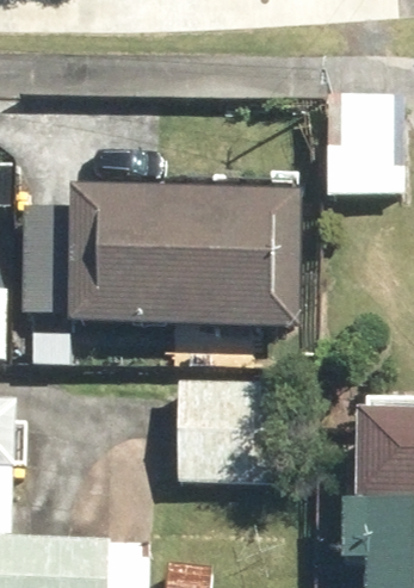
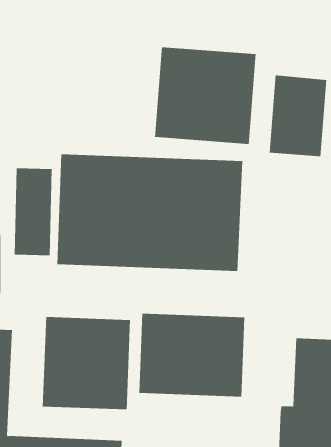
building: none -> [155,46,256,145]
building: none -> [42,316,131,410]

